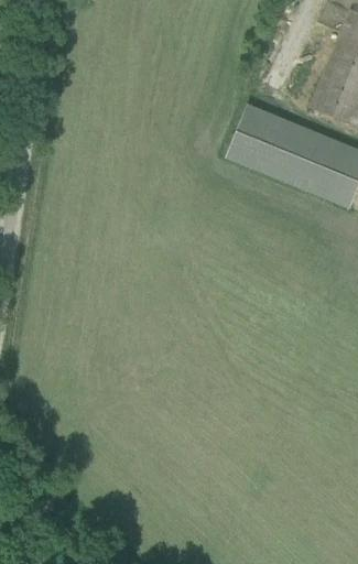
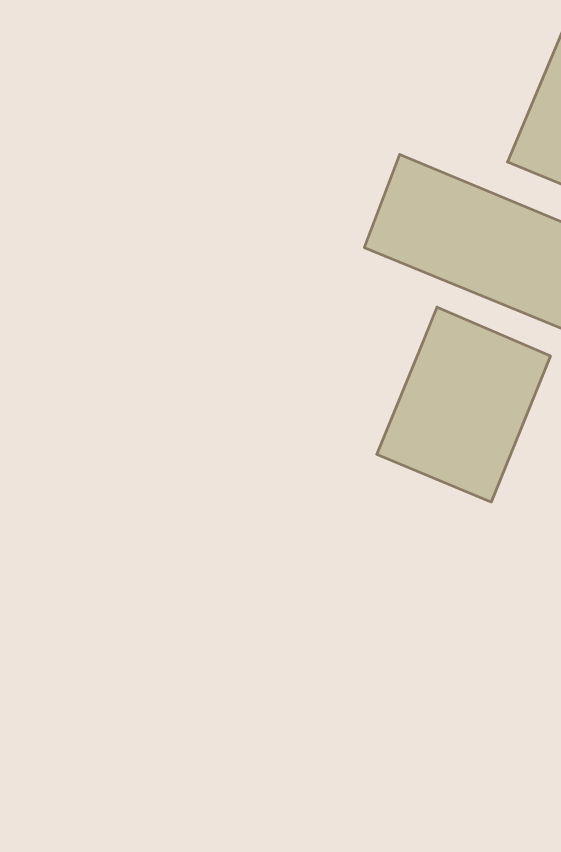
building: none -> [377,307,550,502]

